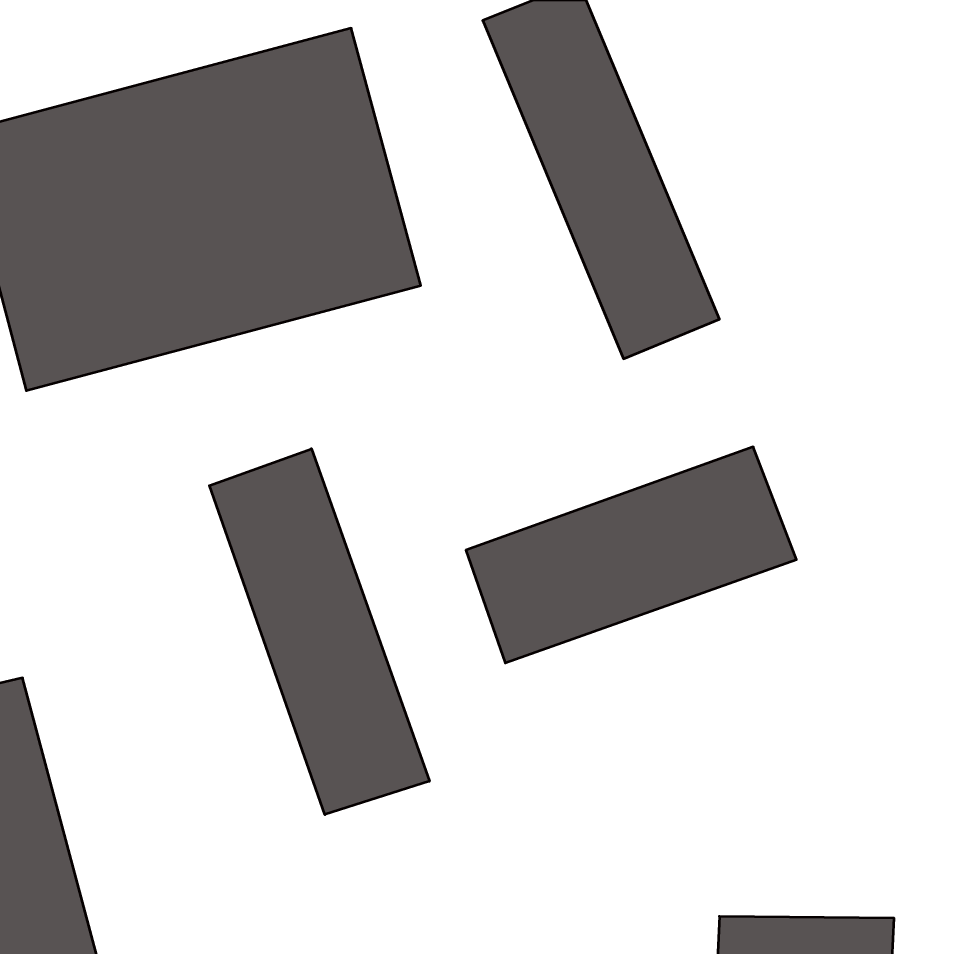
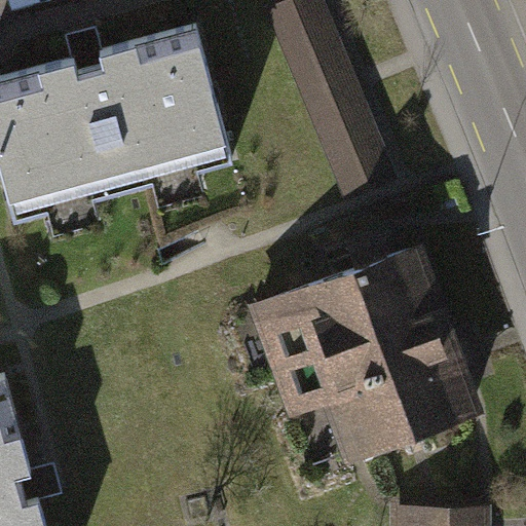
building: [209,449,429,815] -> none
building: none -> [276,309,472,452]

